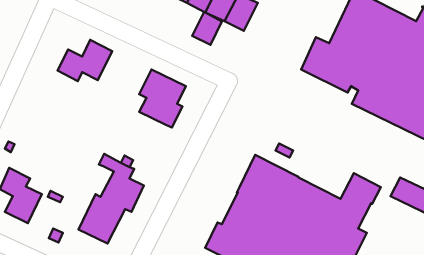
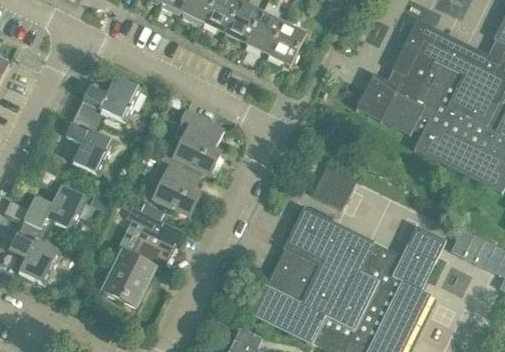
building: [192,12,222,45] -> none
building: none -> [66,110,114,174]
building: none -> [151,154,201,216]
building: none -> [23,185,86,233]

